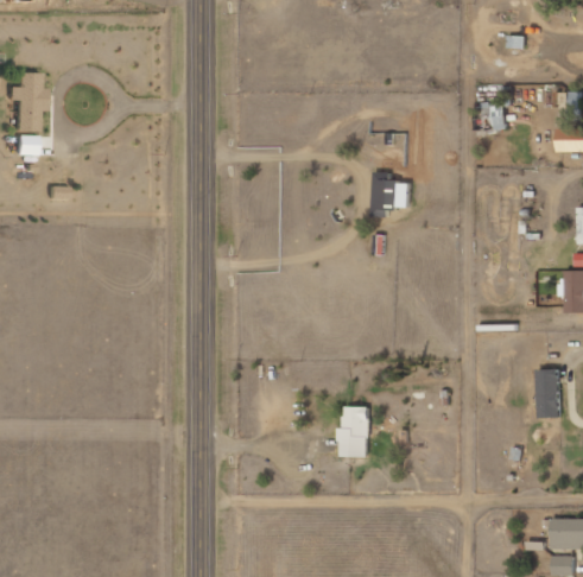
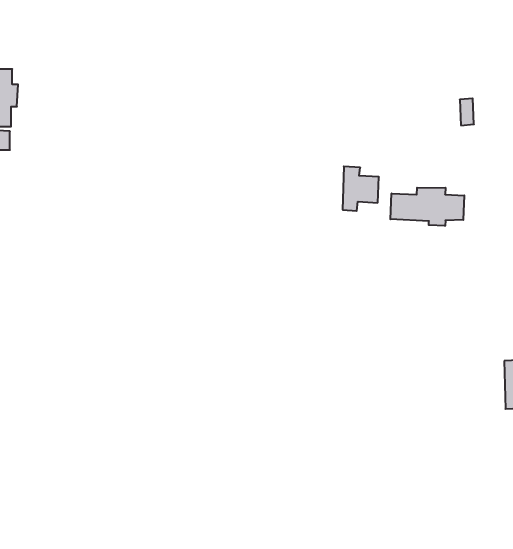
building: none -> [390,188,464,226]
building: [337,406,368,457] -> none

